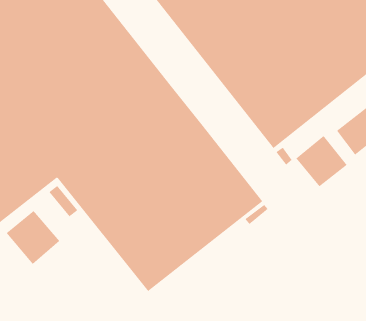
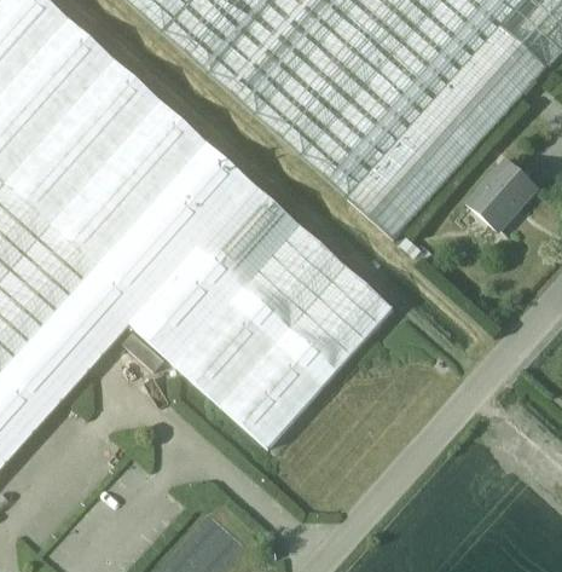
building: [295,135,347,187] -> none
building: [6,210,60,265] -> none

